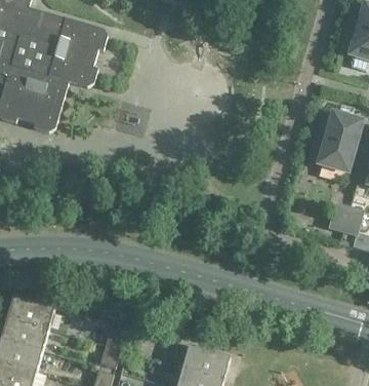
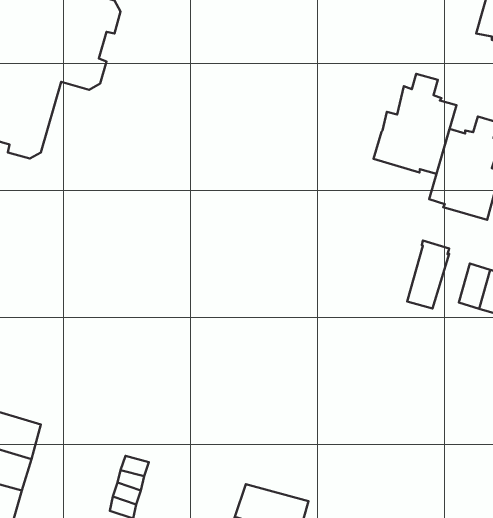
building: none -> [373,74,456,174]
building: none -> [407,241,449,309]

